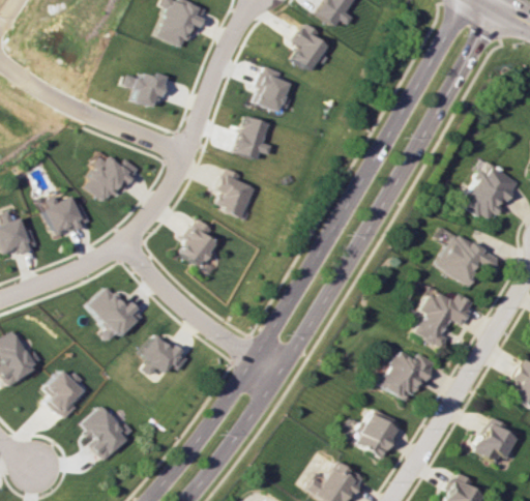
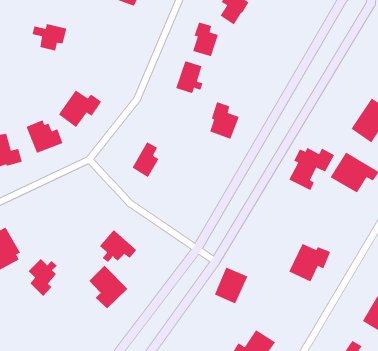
building: [124,71,170,108] -> [32,23,67,51]
building: [216,168,256,217] -> [209,101,240,140]
building: [87,287,143,341] -> none
building: [412,292,472,349] -> [288,147,335,191]
building: [83,404,134,461] -> [88,265,128,309]
building: [356,409,401,458] -> [214,267,248,305]

